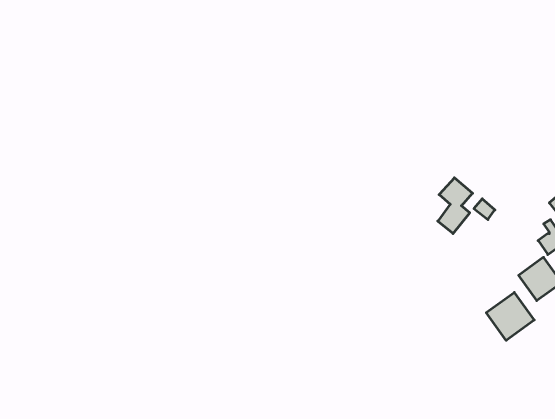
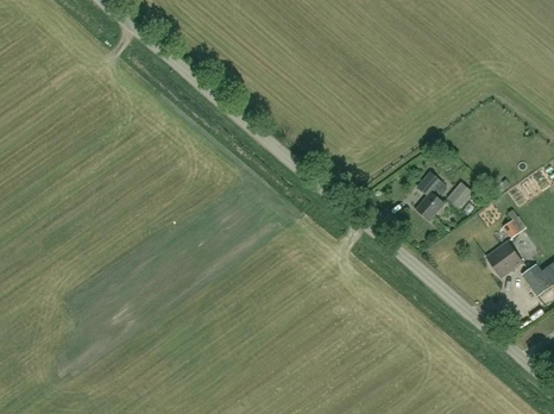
building: [486,292,534,340] -> none

